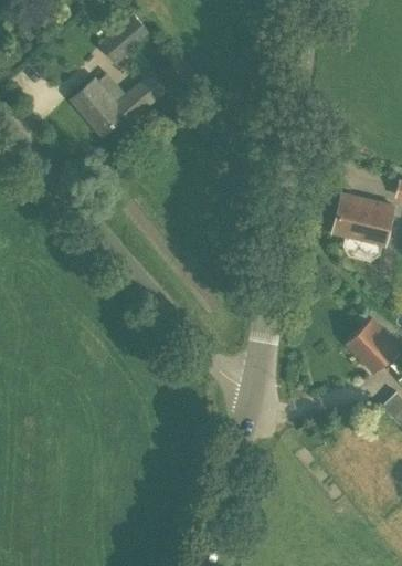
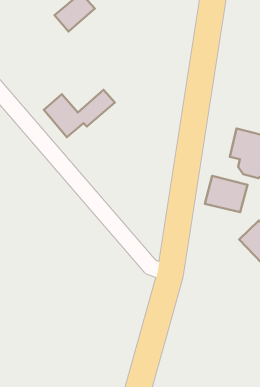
building: [72,74,167,137] -> [44,90,115,137]
building: none -> [205,176,248,212]

